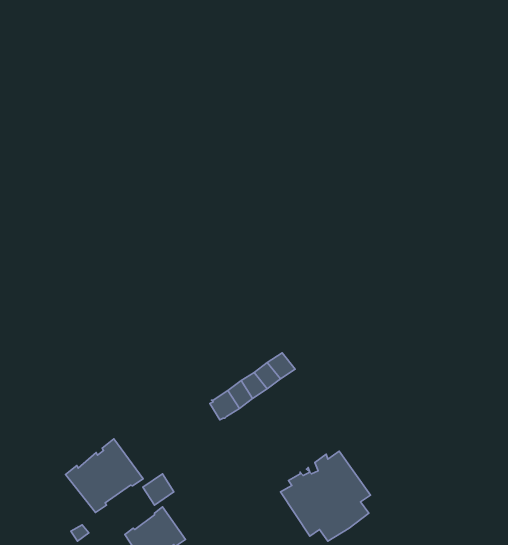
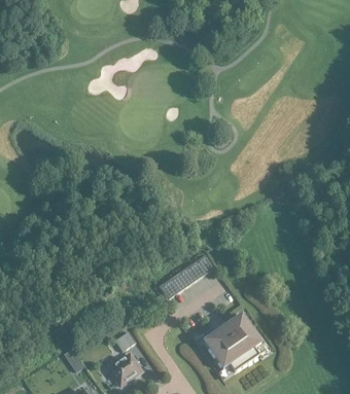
building: [65,439,143,512] -> none

